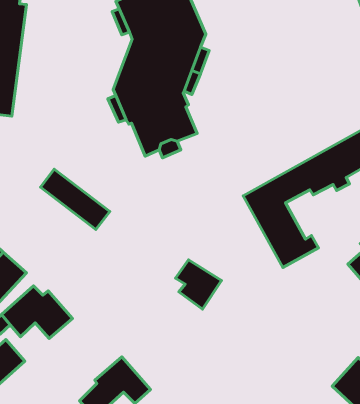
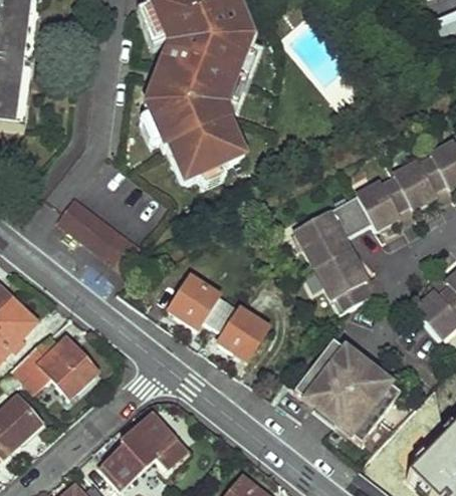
building: none -> [171,276,230,326]
building: none -> [293,339,399,442]

